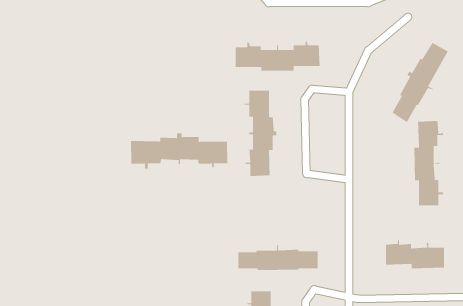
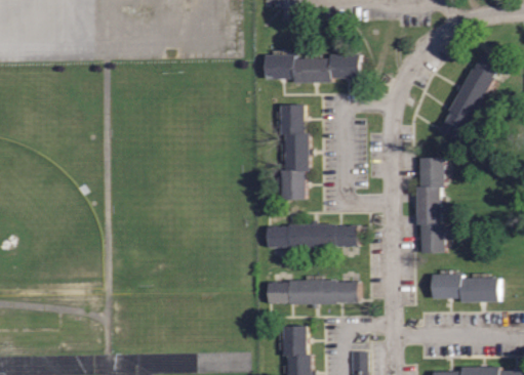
building: [413,120,444,206] -> [415,157,449,252]
building: [130,132,228,169] -> none
building: none -> [267,220,358,253]

